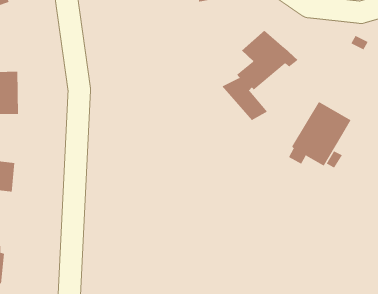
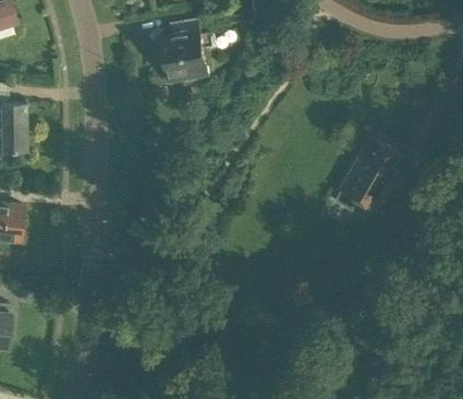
building: none -> [159,31,215,84]
building: [221,30,299,121] -> none

